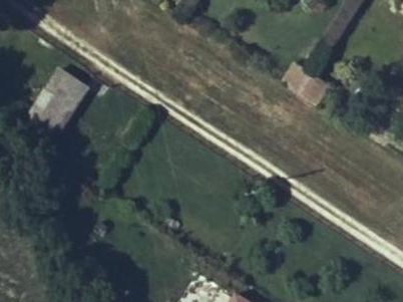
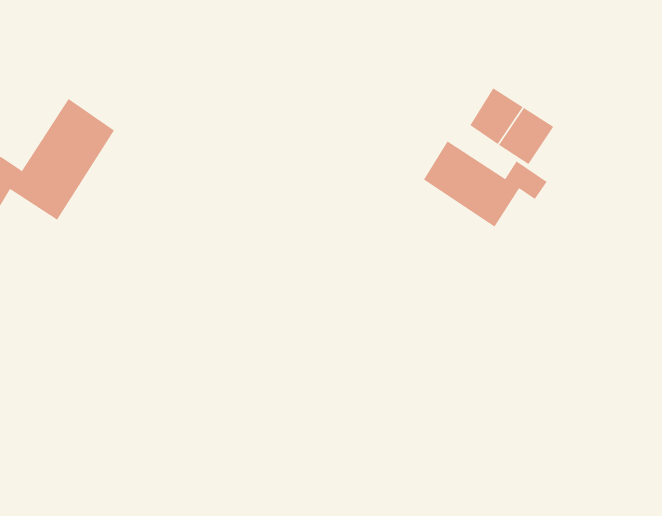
building: none -> [423,140,548,227]

